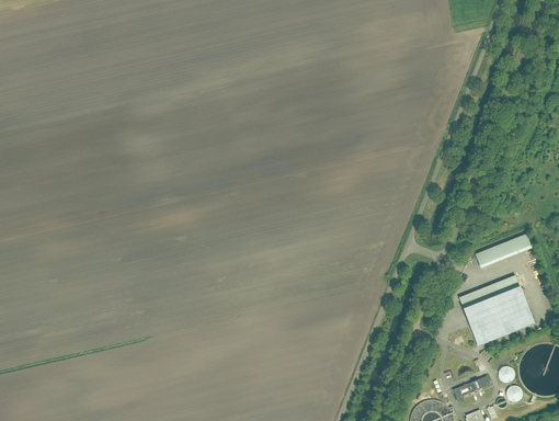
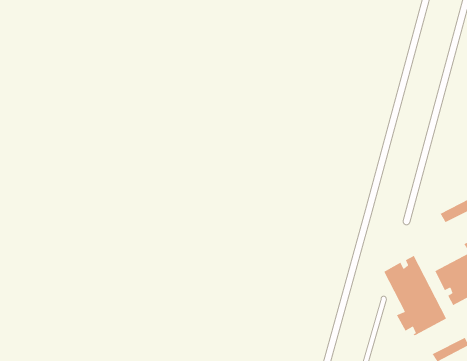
building: none -> [383,255,447,336]

